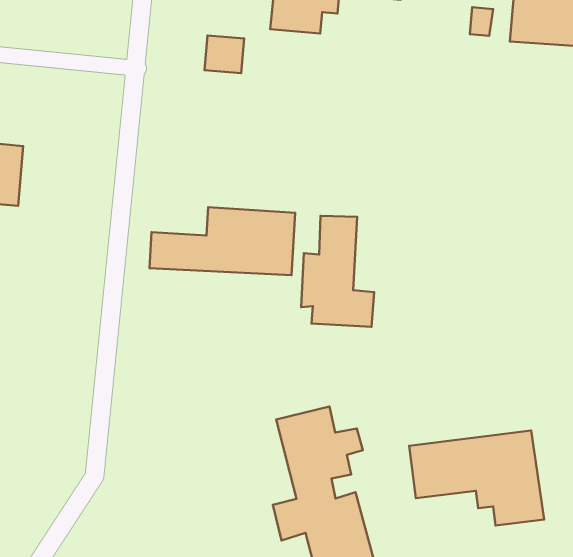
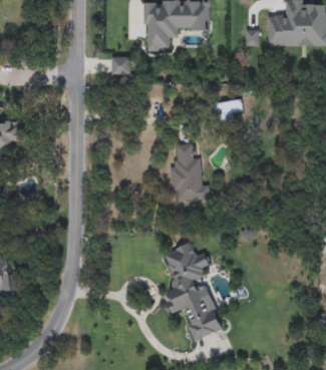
building: none -> [215,101,242,123]
building: [149,207,295,275] -> none
building: [409,430,544,526] -> none

